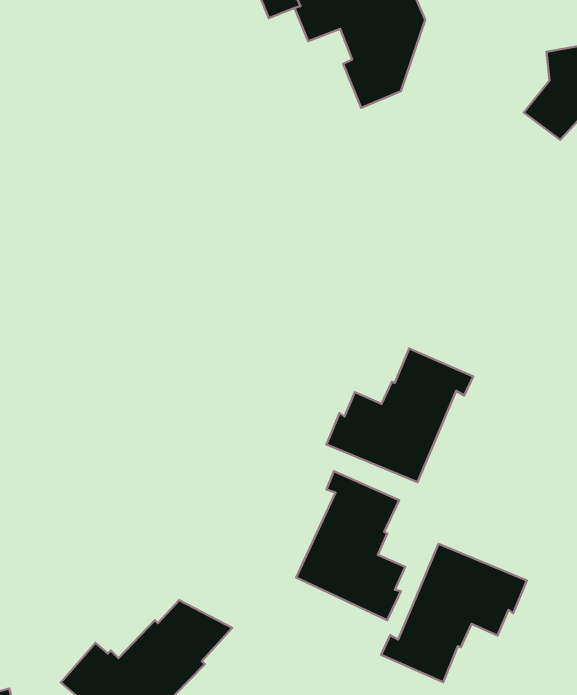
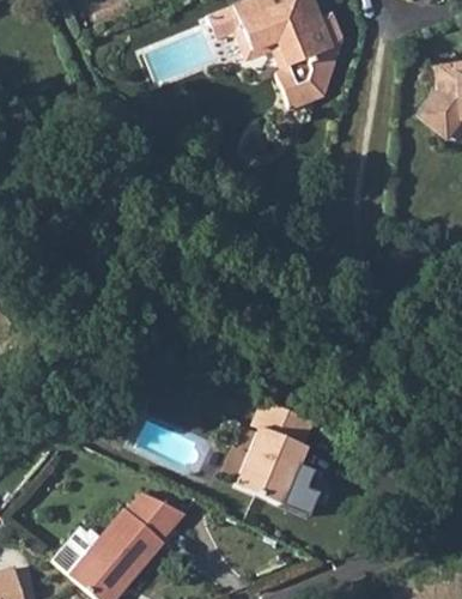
building: [327,348,473,482] -> none
building: [381,544,527,682] -> none

